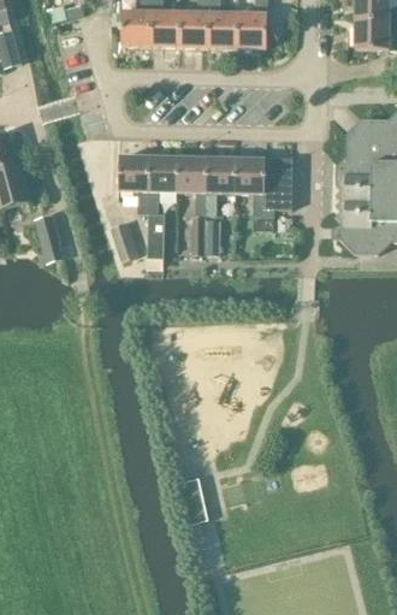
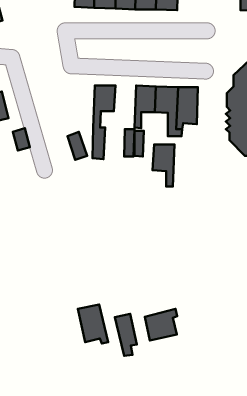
building: [118,153,150,214] -> none
building: [177,155,208,214] -> [152,145,175,187]
building: none -> [78,305,108,344]
building: none -> [145,309,177,340]

